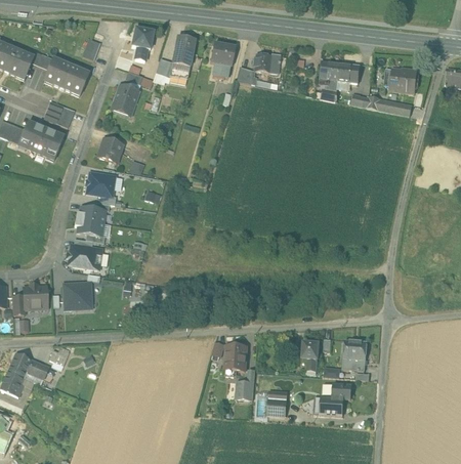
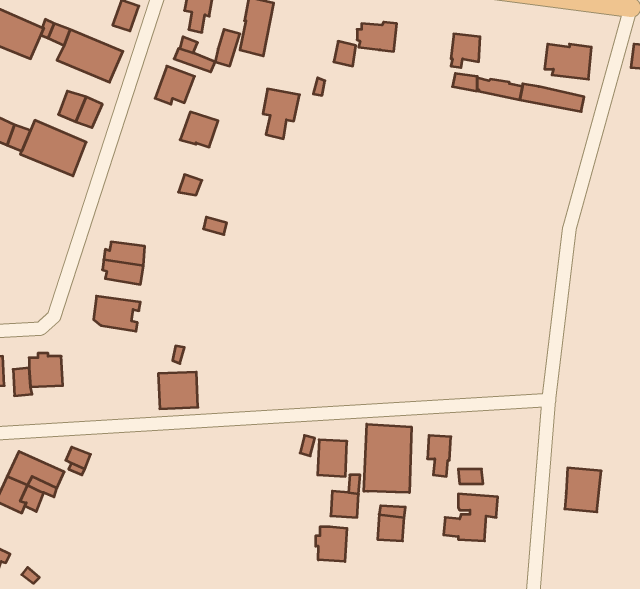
building: [210,43,236,78] -> [263,89,300,139]
building: [338,62,361,82] -> none
building: [96,136,123,161] -> [180,112,218,147]
building: [87,172,113,196] -> none
building: [64,283,91,308] -> [158,372,198,409]
building: none -> [364,424,411,493]
building: [342,339,368,370] -> [565,468,601,512]
building: none -> [316,527,347,562]

